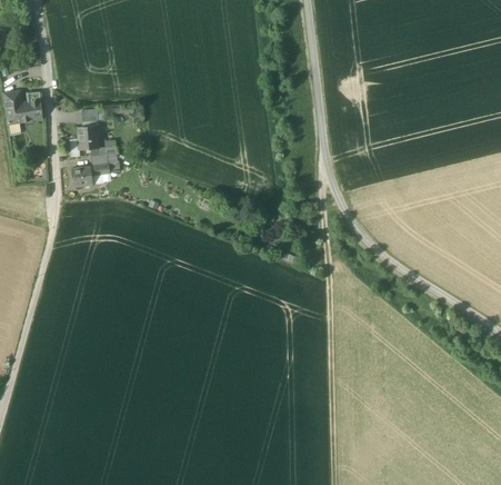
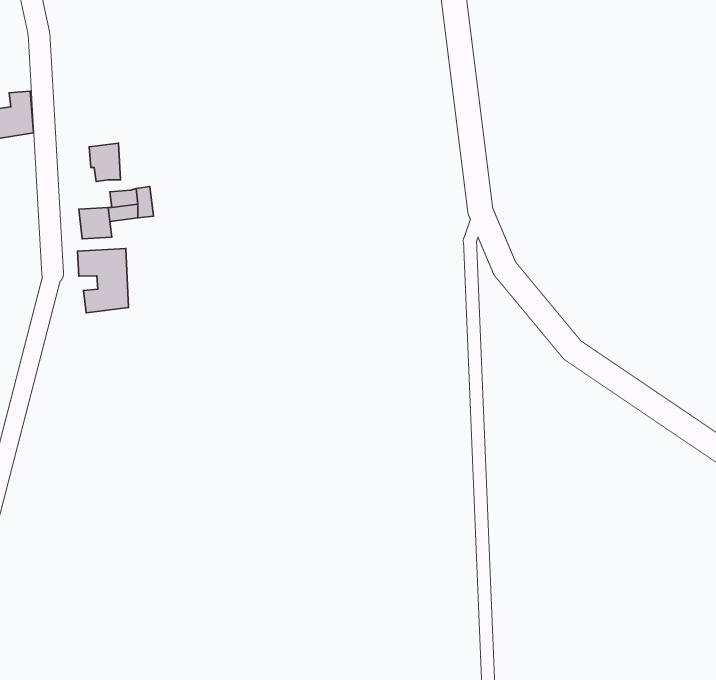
building: none -> [77,248,128,313]

